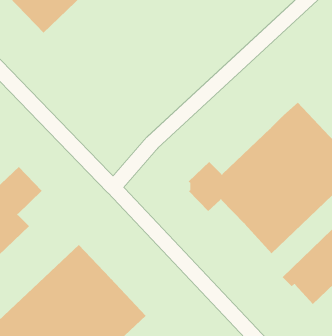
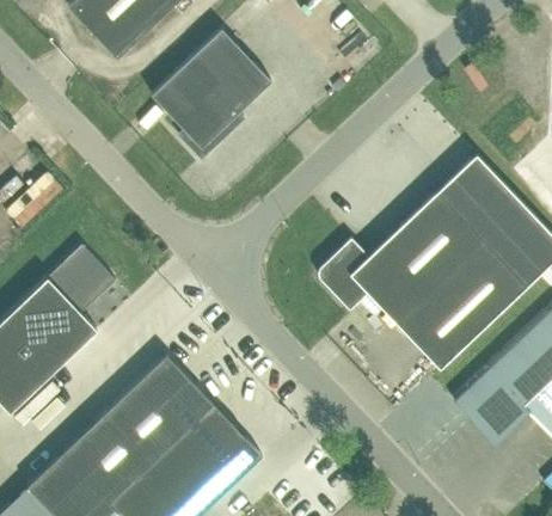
building: none -> [152,30,271,158]

